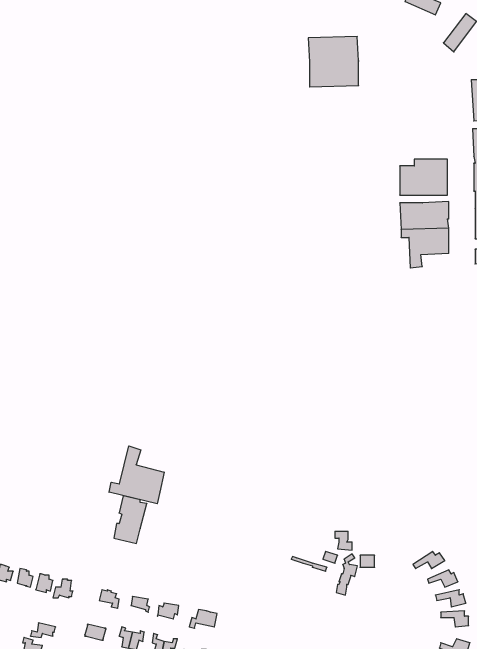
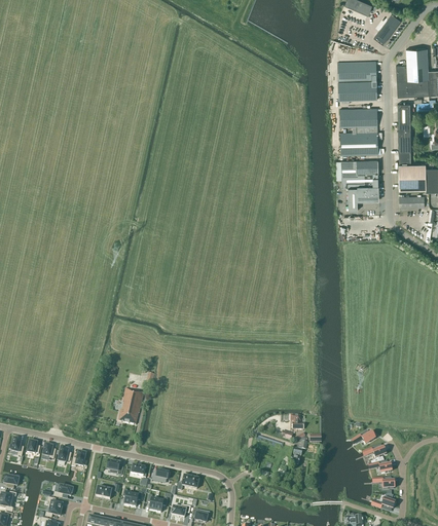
building: [308,37,359,87] -> [337,61,376,100]
building: none -> [339,108,377,126]
building: [109,446,164,504] -> none

